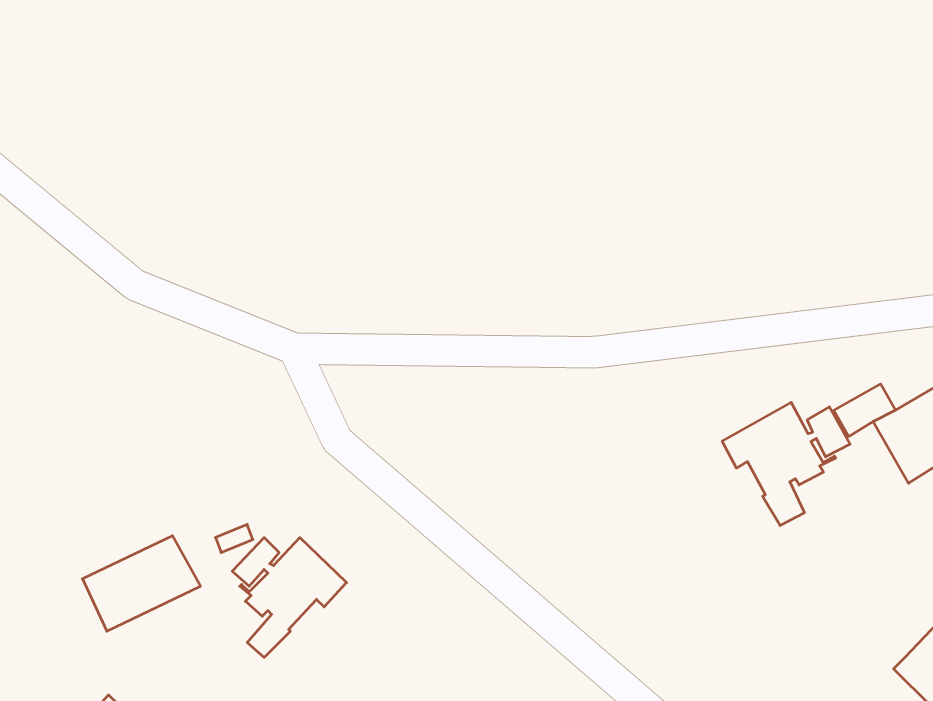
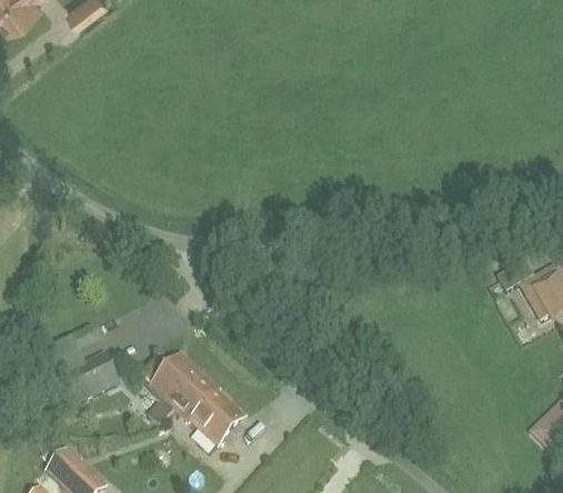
building: [722,402,850,526] -> none
building: none -> [174,380,247,445]

